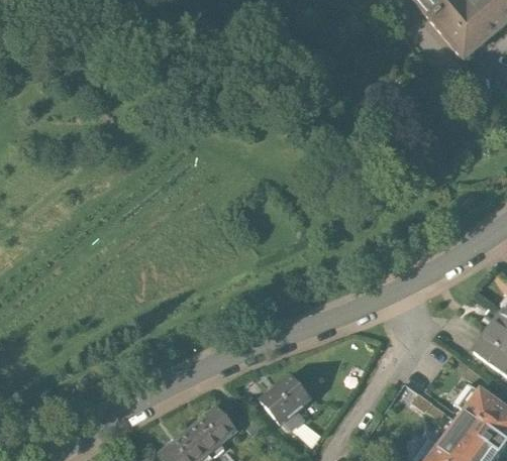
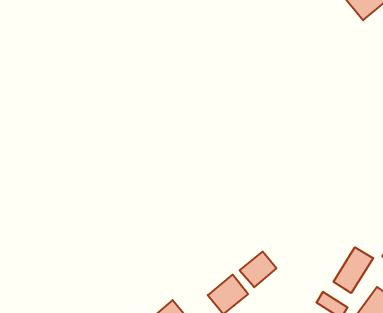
building: none -> [334,247,373,293]
building: none -> [240,252,276,287]

